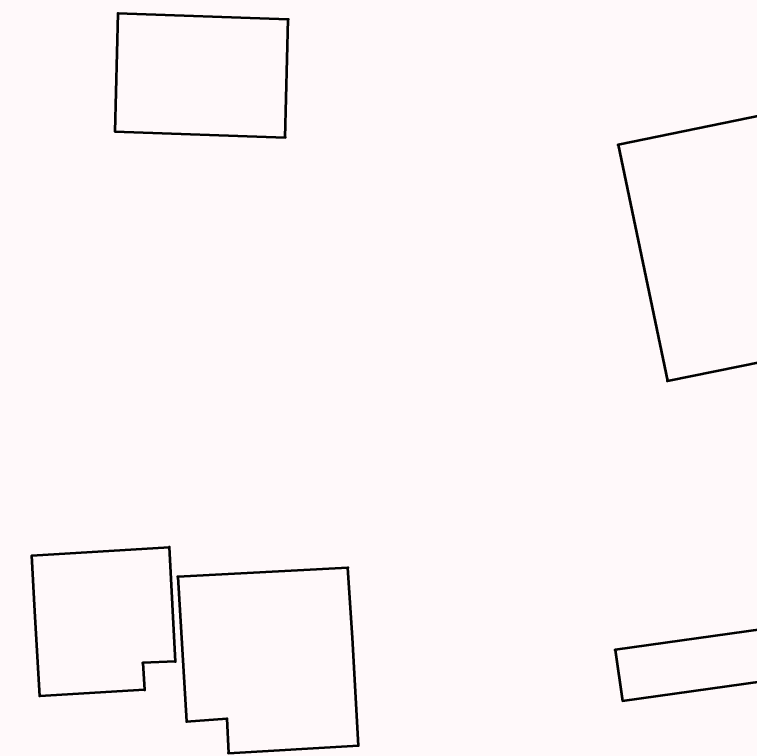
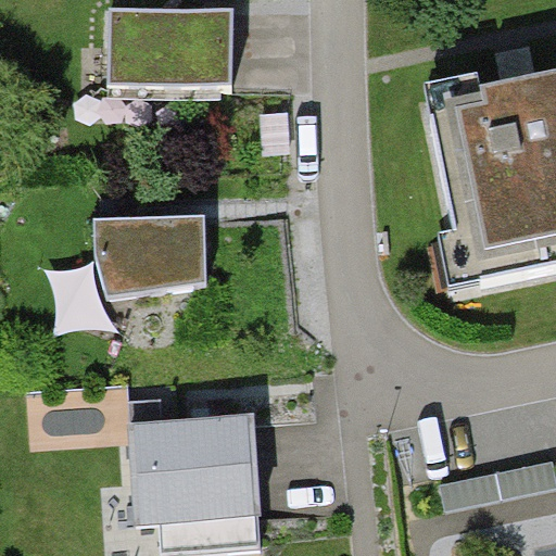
building: none -> [74,214,188,302]
building: [32,547,175,696] -> none

